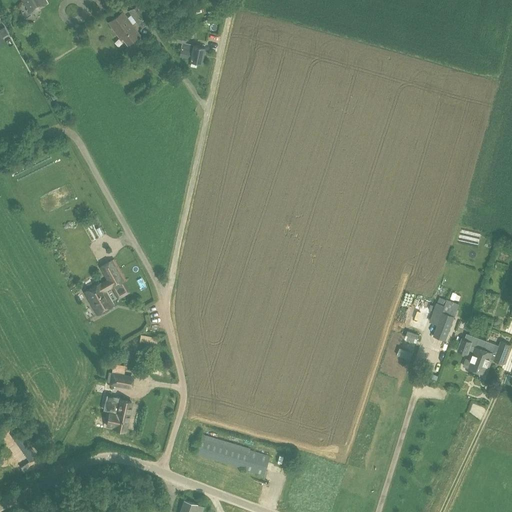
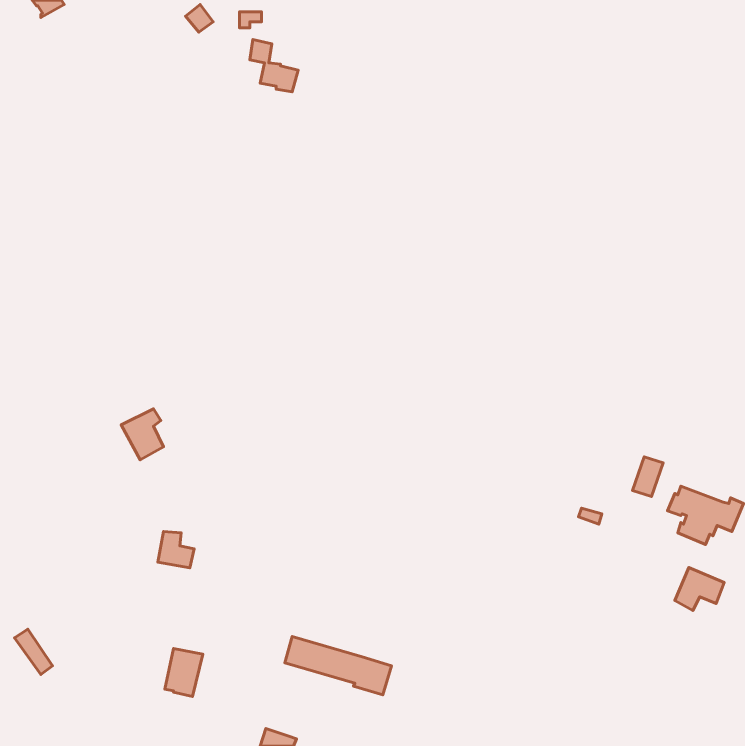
building: [108,11,139,44] -> none
building: [97,259,128,298] -> none
building: none -> [675,567,724,610]
building: [105,398,131,431] -> [165,648,203,697]

